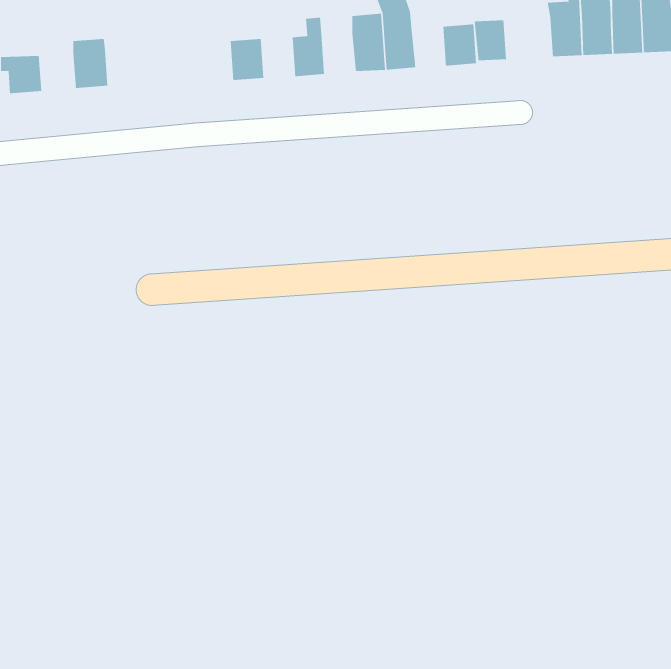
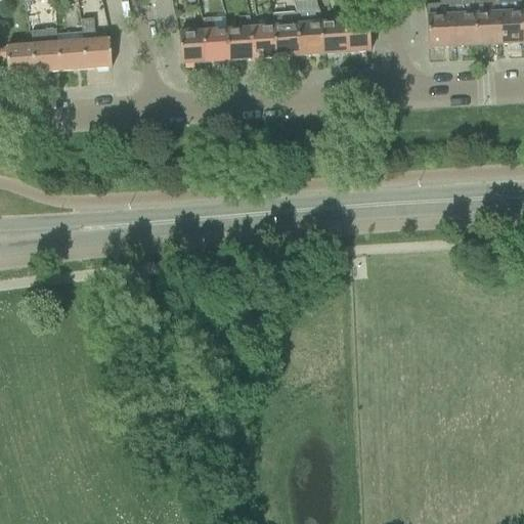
building: none -> [206,15,231,60]
building: [474,20,507,61] -> [322,20,348,52]
building: none -> [84,16,114,67]
building: none -> [253,26,278,57]
building: none -> [33,27,61,71]

